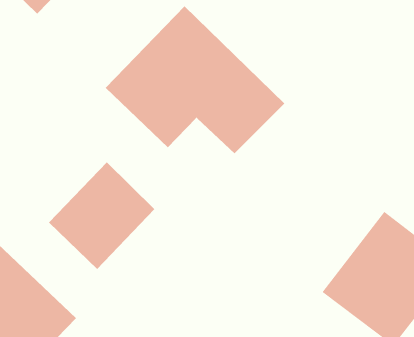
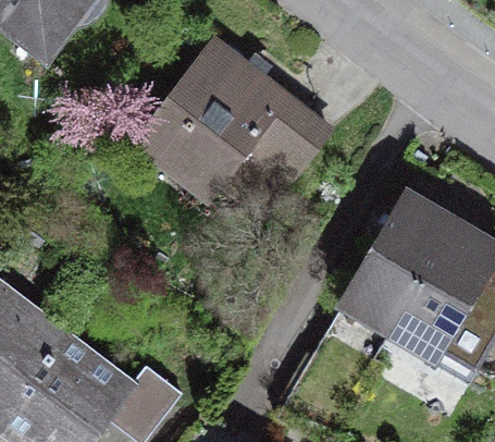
building: [48,162,155,270] -> none
building: none -> [344,201,446,322]

